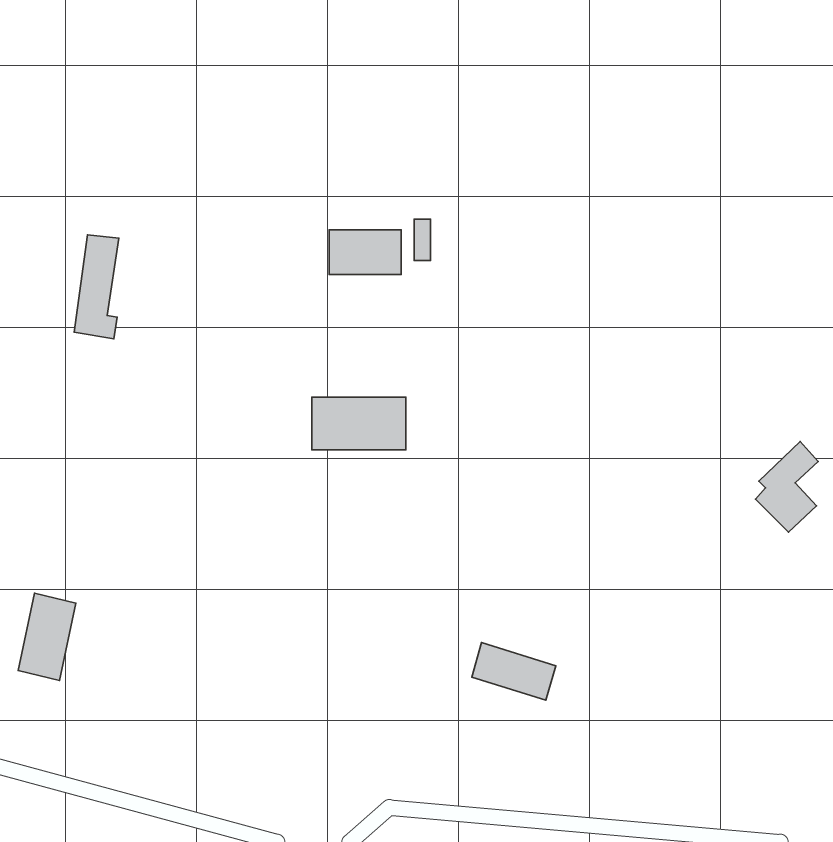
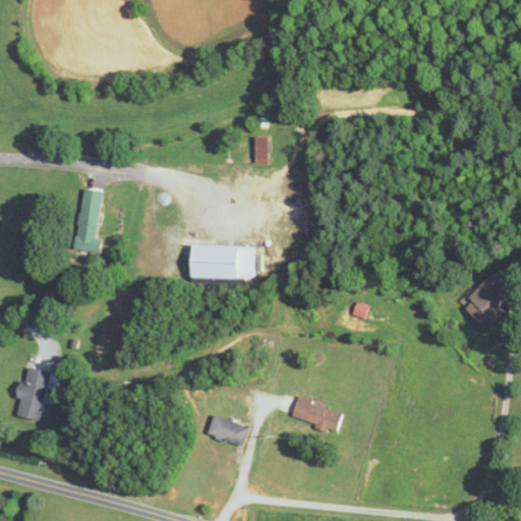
building: [329,230,401,274] -> none
building: [74,235,119,339] -> [74,188,102,252]
building: none -> [208,416,250,447]

